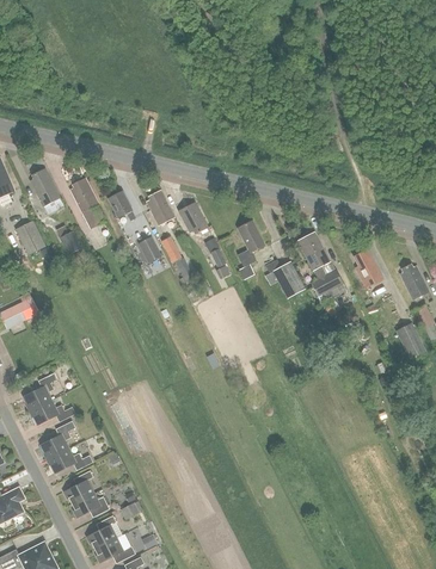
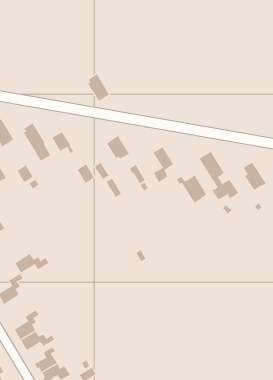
building: [146,188,174,225] -> [87,73,110,102]
building: [29,398,74,423] -> [14,253,49,273]

